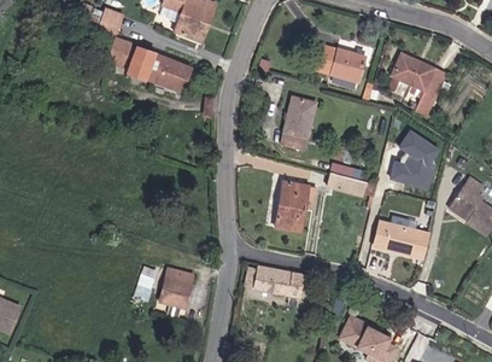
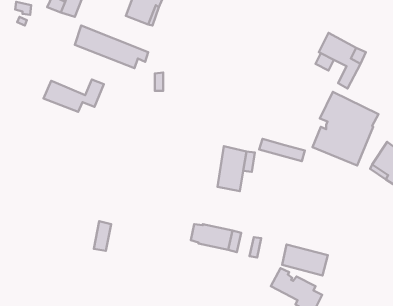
building: [318,47,367,83] -> none
building: [279,98,317,150] -> none
building: none -> [44,79,104,112]
building: [375,222,427,257] -> [282,244,328,275]
building: [165,270,193,309] -> none

